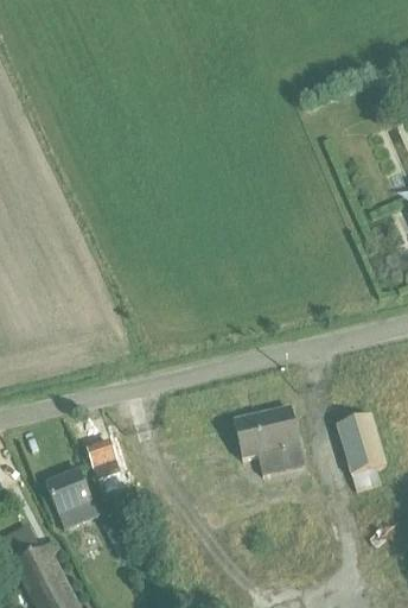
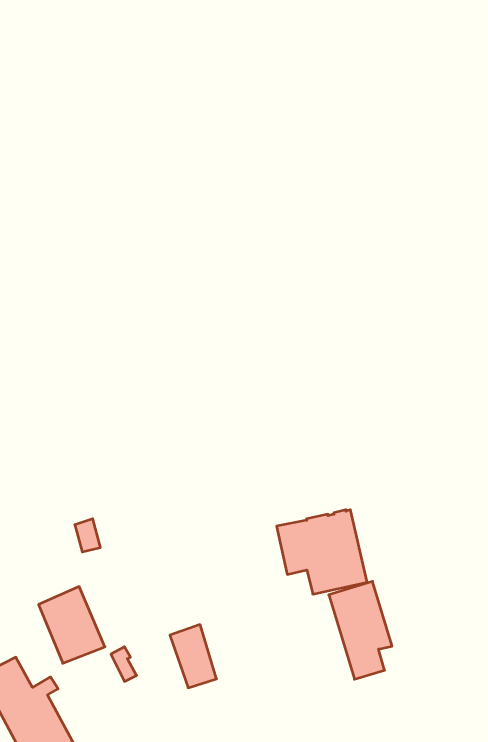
building: [337,413,387,490] -> [329,581,392,679]
building: [87,439,123,489] -> [170,625,217,688]

